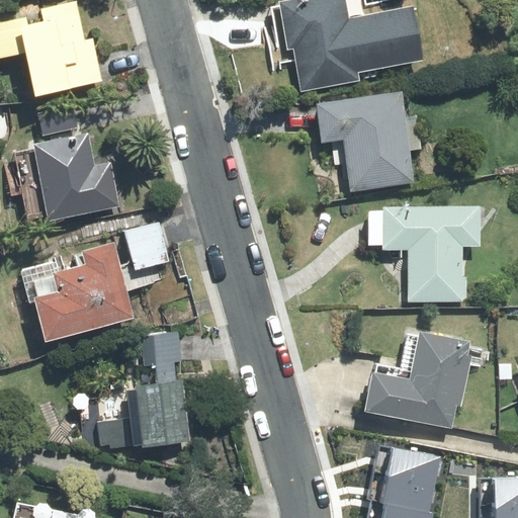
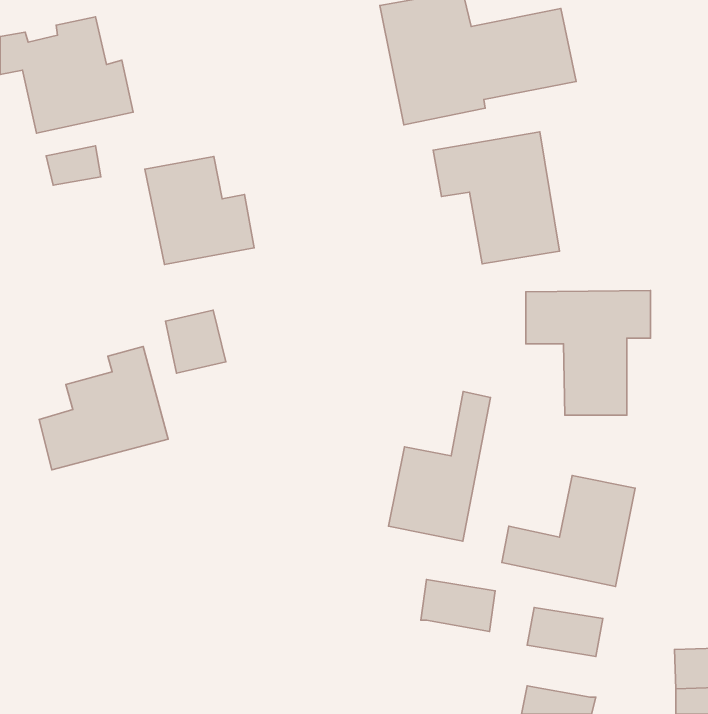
building: [37,142,116,220] -> [145,157,254,265]
building: none -> [389,392,491,541]
building: [103,334,188,449] -> none
building: [382,465,436,503] -> [421,580,495,631]

